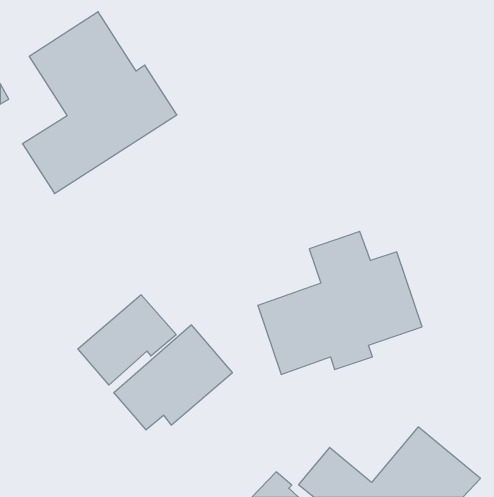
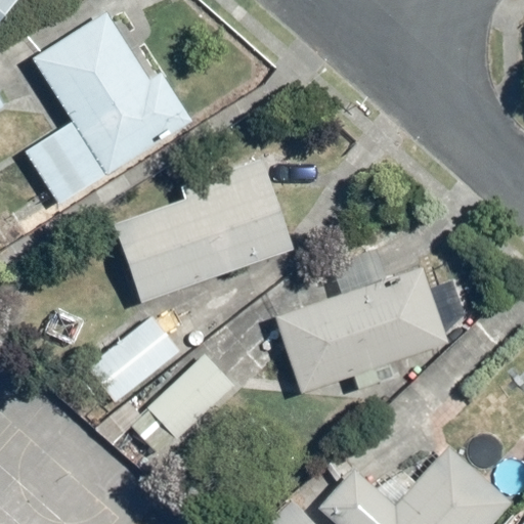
building: none -> [112,159,296,305]

